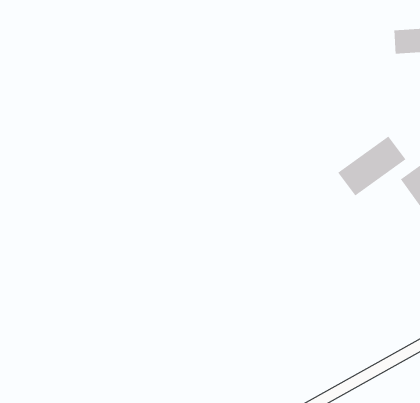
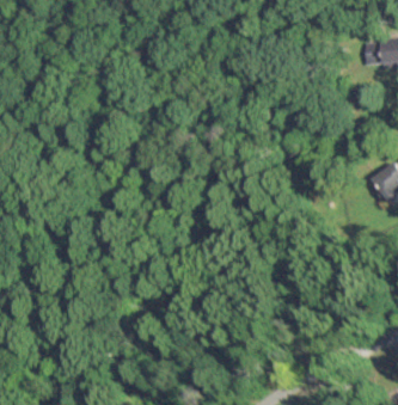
building: [337,135,406,197] -> none

